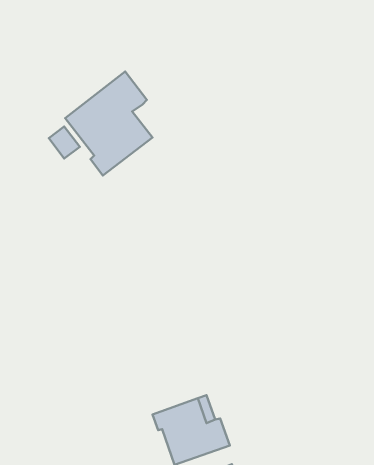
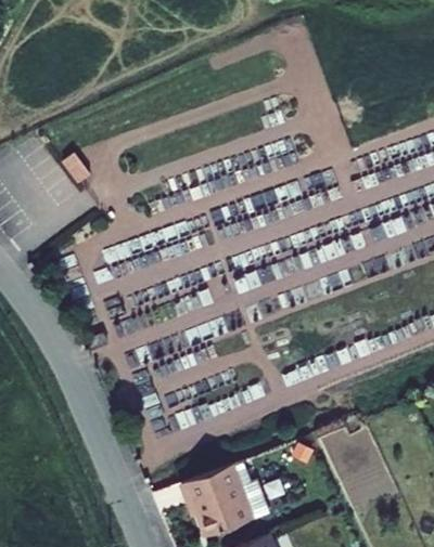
building: [65,71,153,176] -> none

